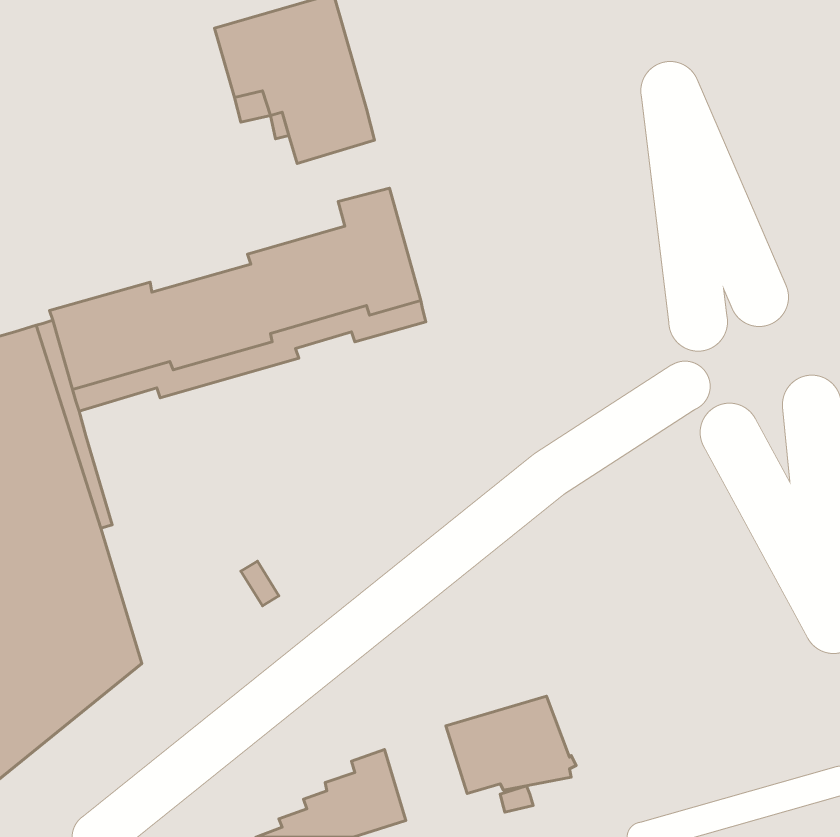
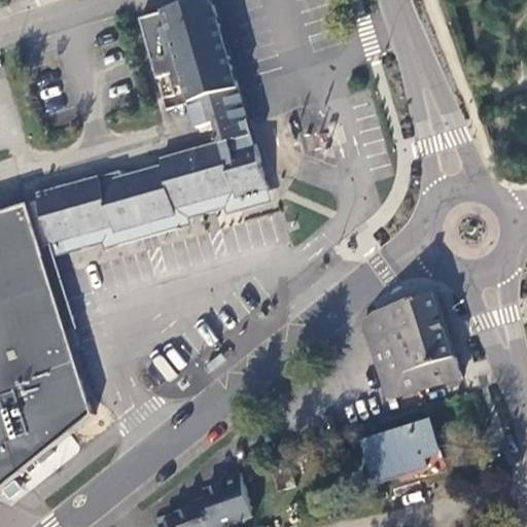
building: none -> [185,87,243,128]
building: none -> [360,290,458,394]
building: [446,696,576,794] -> [359,419,441,480]

